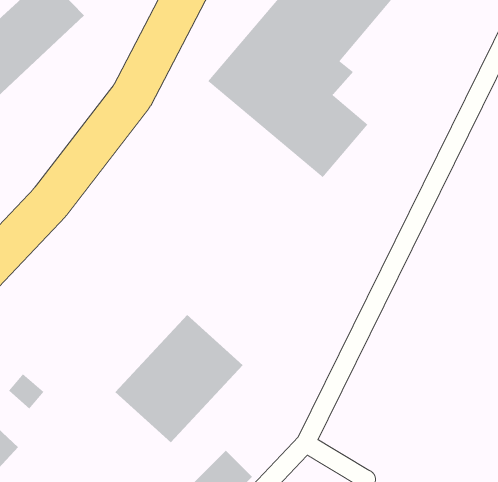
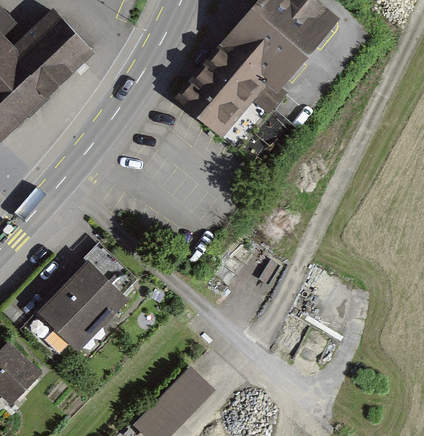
building: [114,314,244,443] -> [40,251,136,347]

